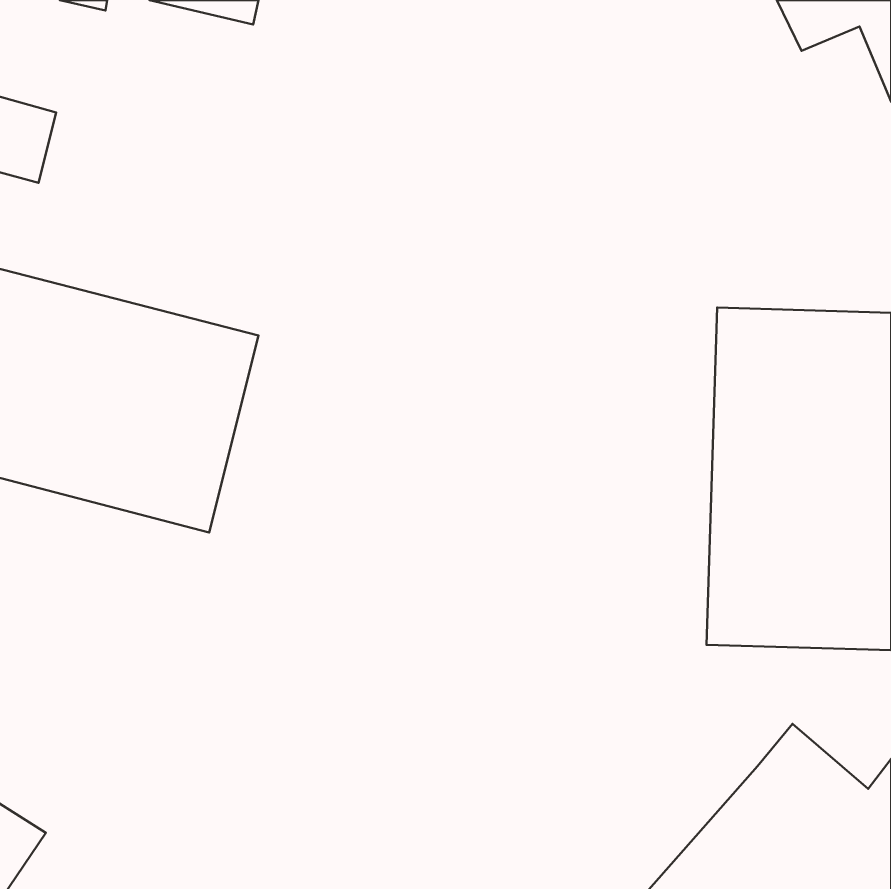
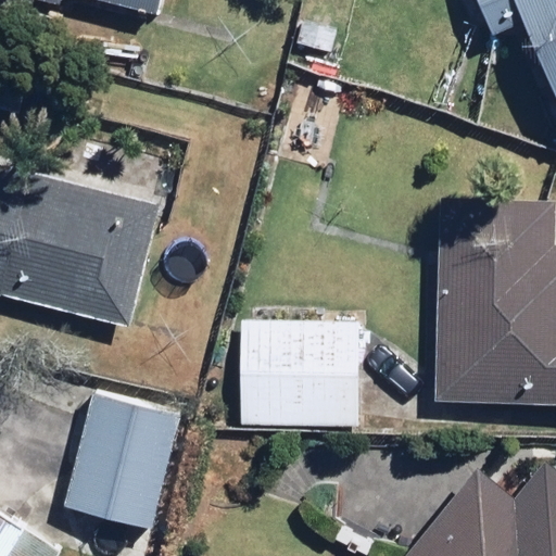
building: none -> [237,313,365,413]
building: none -> [71,395,185,527]

